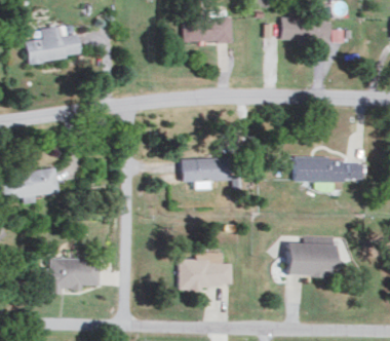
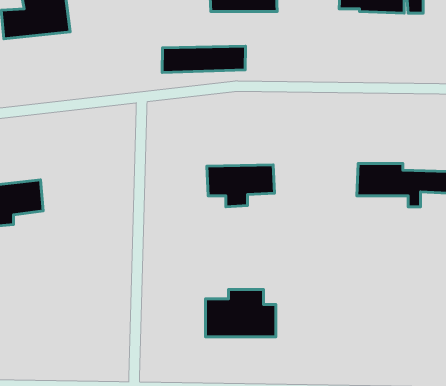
building: none -> [162,46,246,73]
building: [287,242,339,277] -> none
building: [48,258,100,294] -> none

